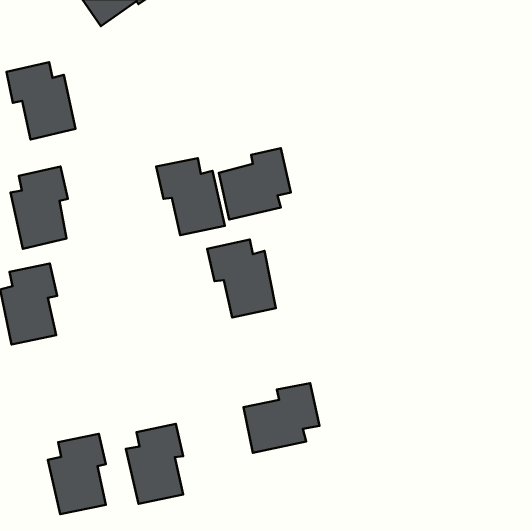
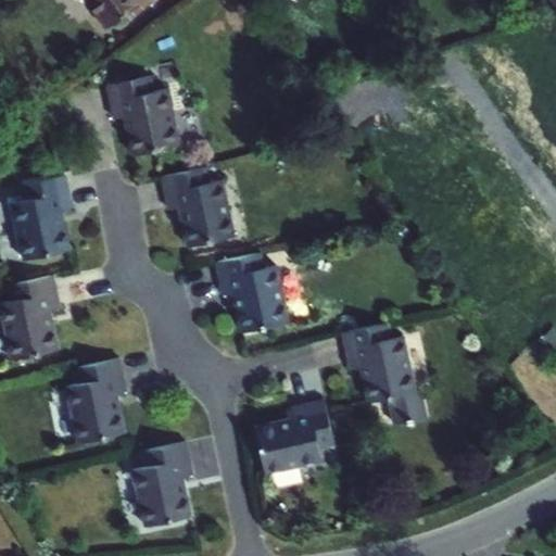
building: [7,62,75,139] -> [108,75,179,155]
building: [219,148,291,219] -> none
building: none -> [342,320,425,424]
building: [48,434,106,514] -> [65,358,126,442]

